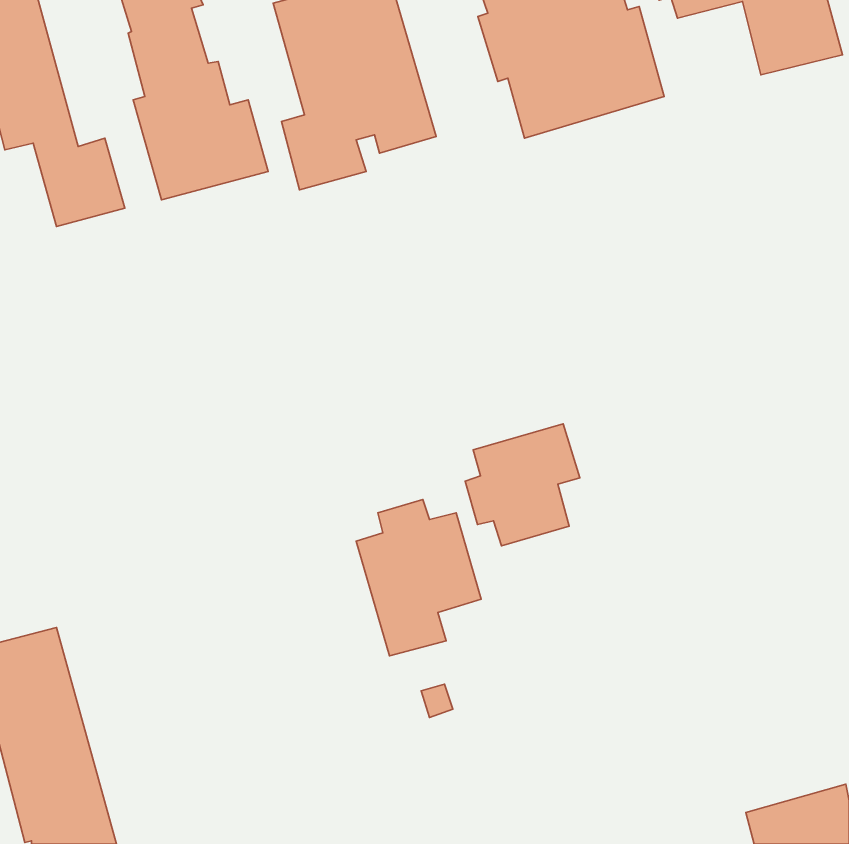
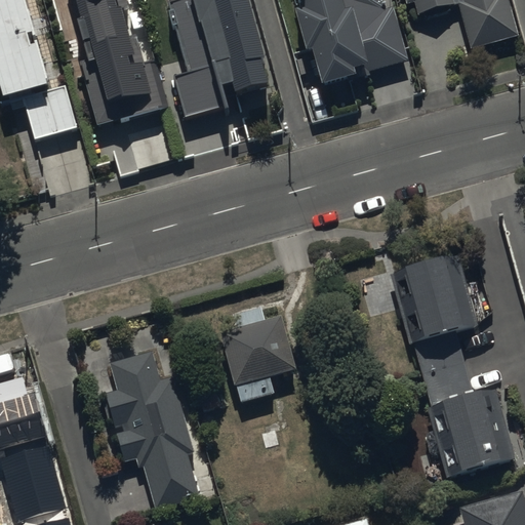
building: none -> [389,255,515,477]
building: [465,424,580,546] -> none
building: none -> [104,350,199,511]

